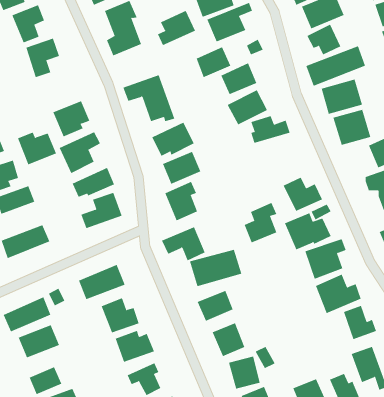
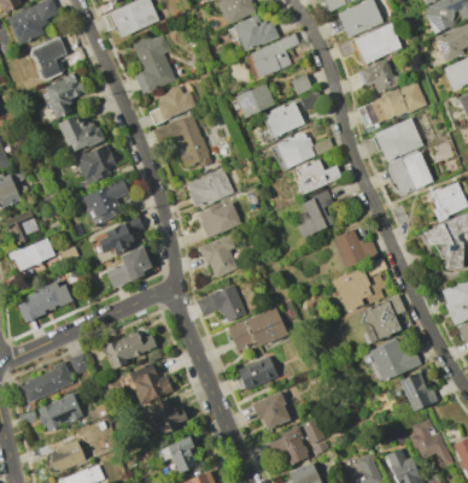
building: [157,10,196,46] -> [151,84,194,124]
building: [17,132,57,165] -> [59,116,104,153]
building: [244,202,277,243] -> [296,190,333,236]

